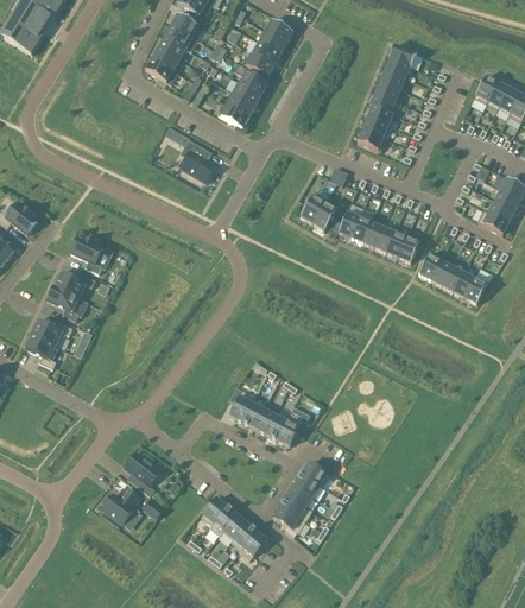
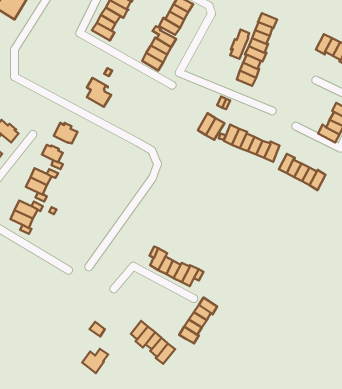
building: none -> [230,30,249,59]
building: [181,138,216,180] -> [87,78,111,107]
building: none -> [54,123,78,143]
building: [124,449,162,494] -> none
building: [102,487,140,522] -> [82,349,108,373]

